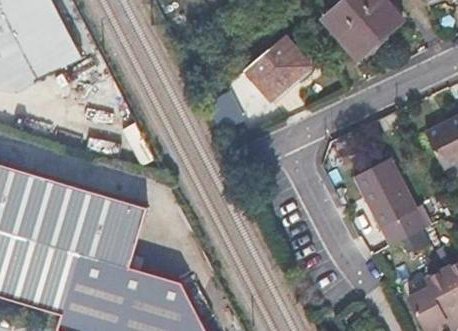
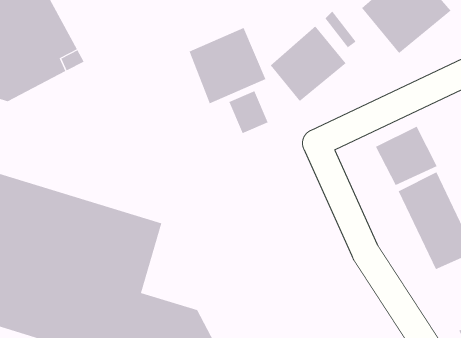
building: none -> [189,27,266,104]
building: none -> [375,126,437,186]

